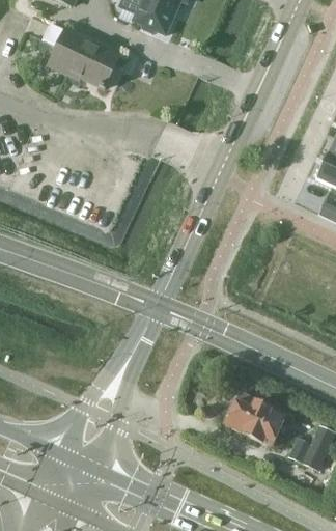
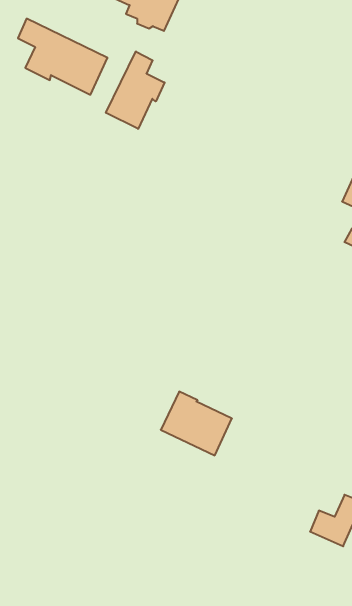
building: none -> [106,51,165,129]
building: [224,391,284,445] -> [161,392,232,455]

